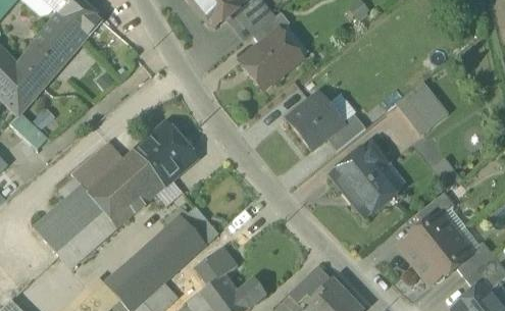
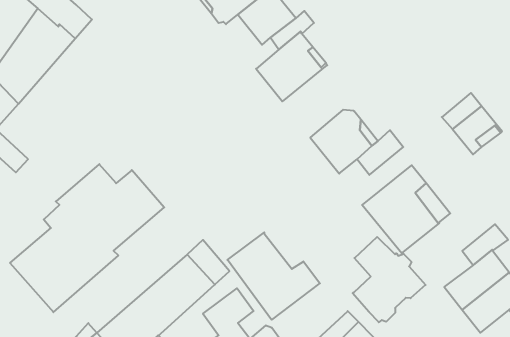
building: [136,120,198,180] -> none
building: none -> [227,232,320,320]
building: none -> [353,237,426,322]

